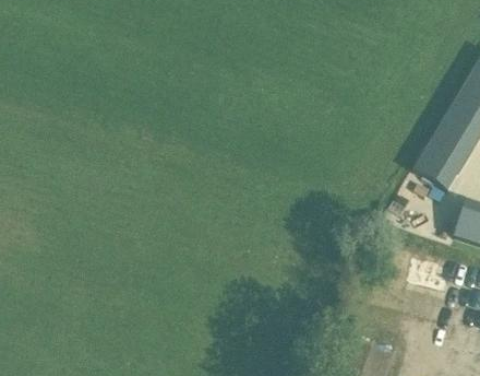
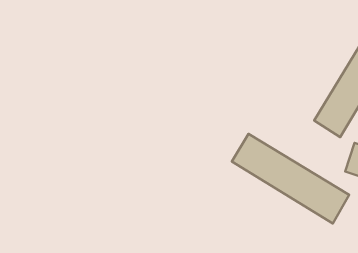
building: none -> [232,134,349,223]

